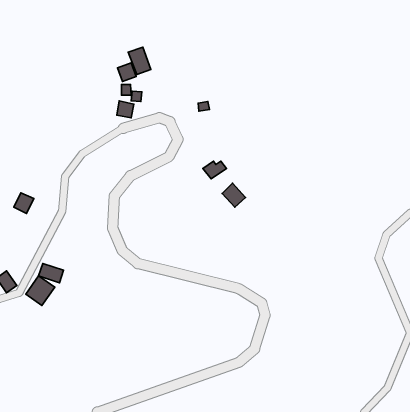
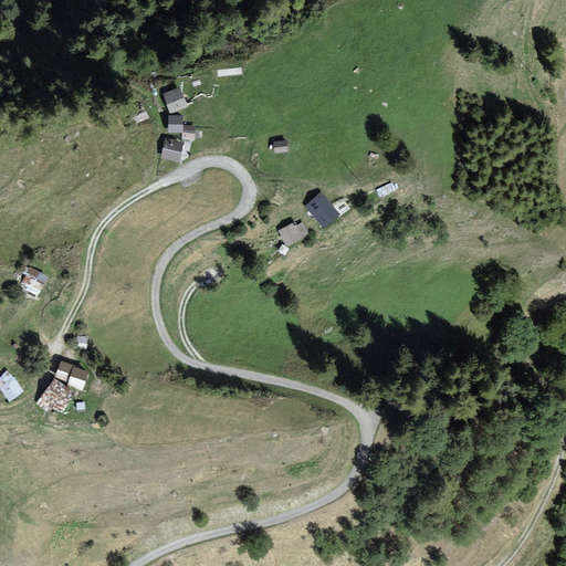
building: [128,47,151,75] -> none
building: [222,183,245,207] -> [308,193,340,227]

